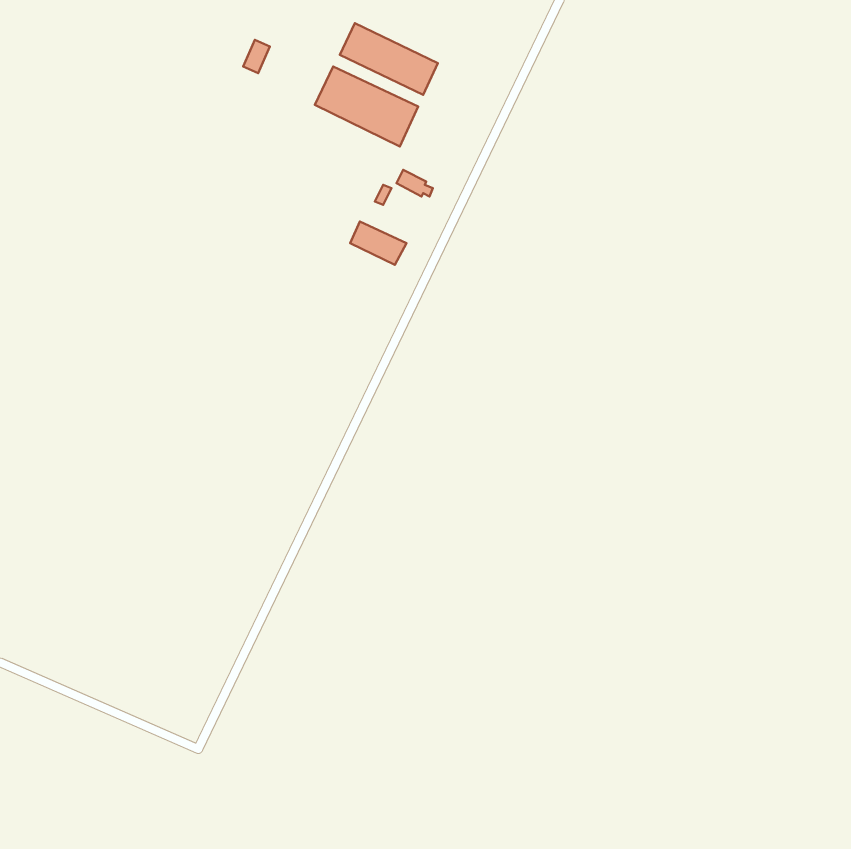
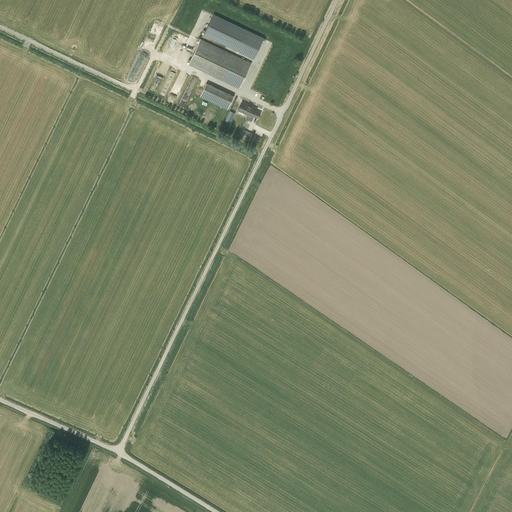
building: [350,222,407,265] -> [200,84,234,110]

